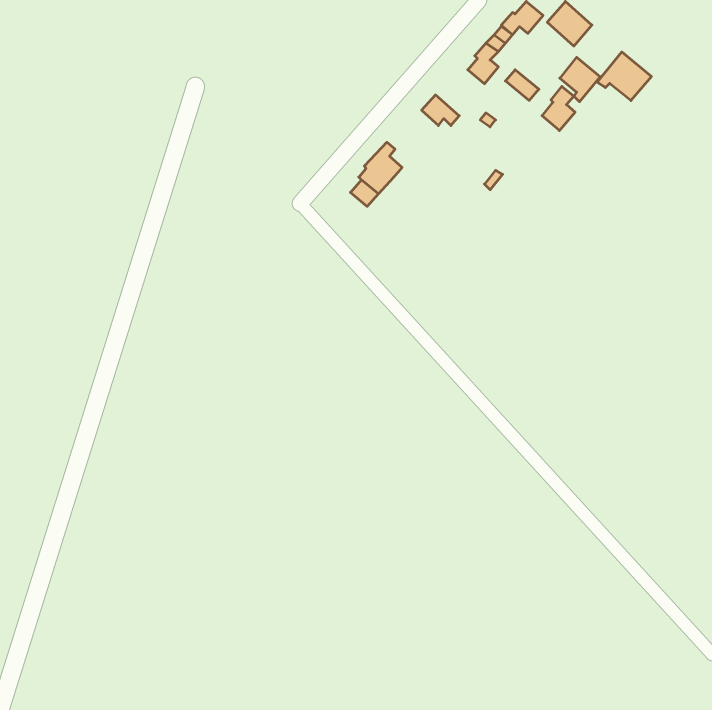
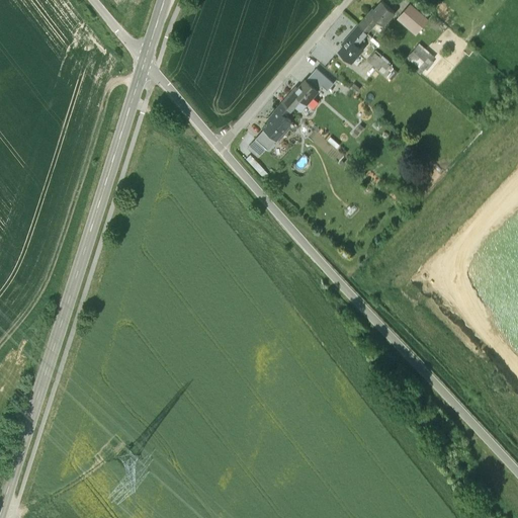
building: [597,52,651,101] -> none
building: [542,86,575,131] -> none
building: none -> [281,82,318,113]

